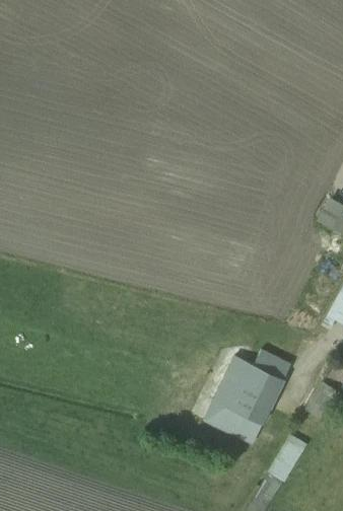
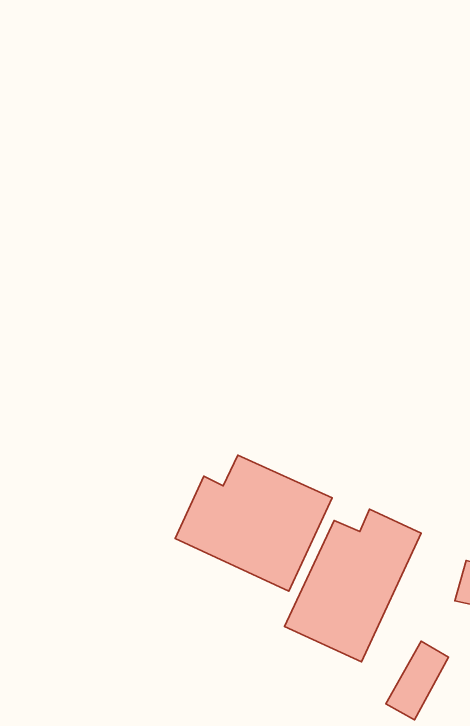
building: none -> [175,455,332,591]

